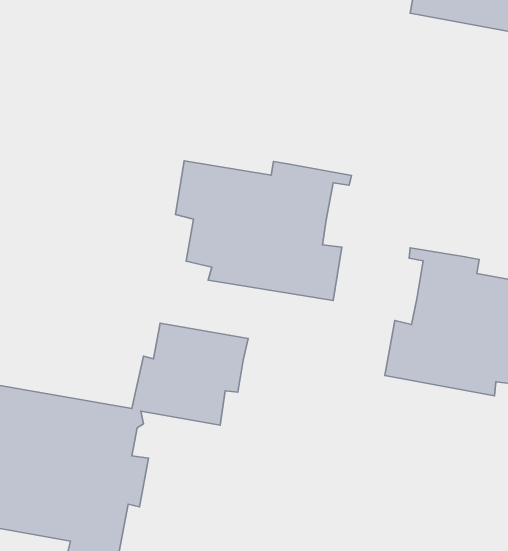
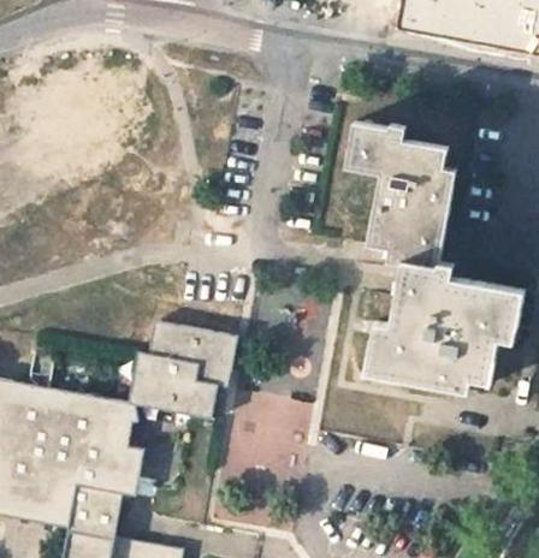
building: none -> [349,119,457,257]
building: [175,161,351,301] -> none

